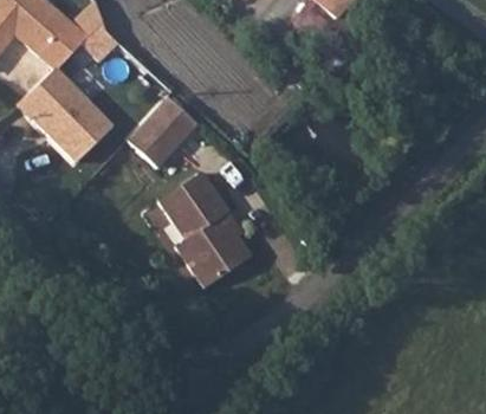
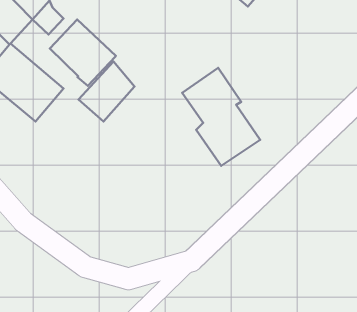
building: none -> [50,19,116,86]
building: [160,173,252,289] -> [182,68,260,166]

